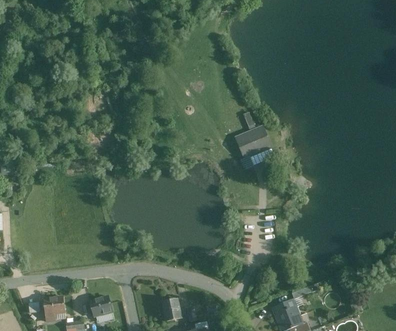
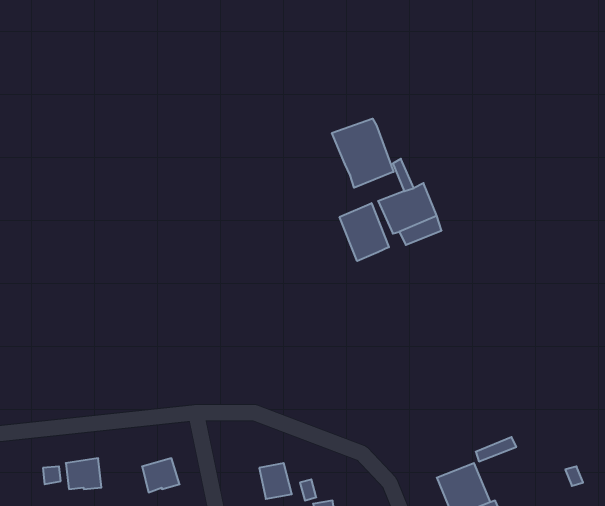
building: none -> [332,119,394,188]
building: none -> [340,203,389,261]

